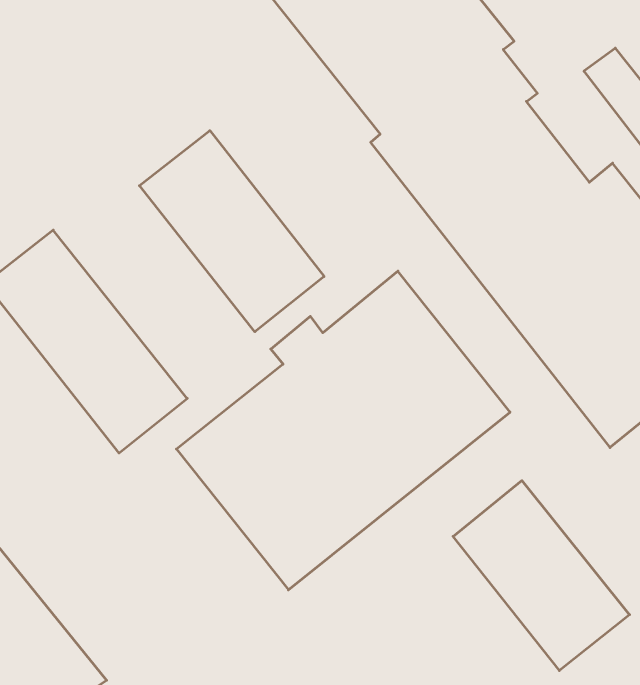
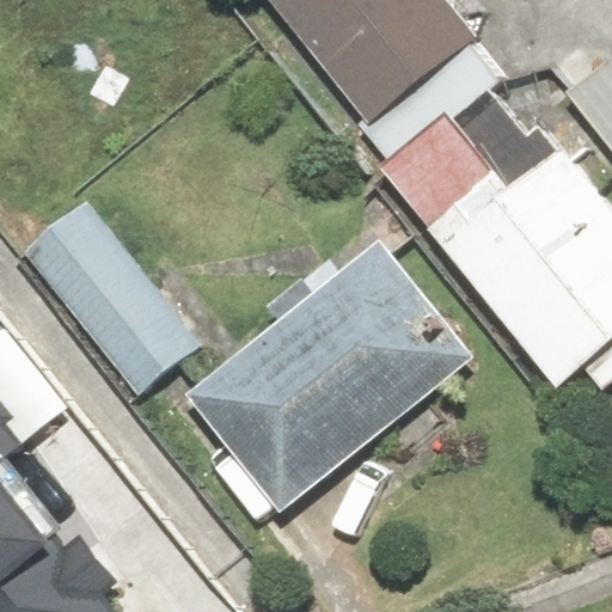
building: [139,131,324,332] -> none
building: [453,481,630,671] -> none

